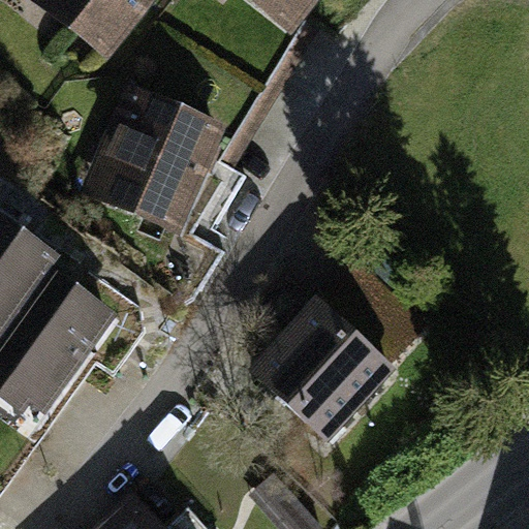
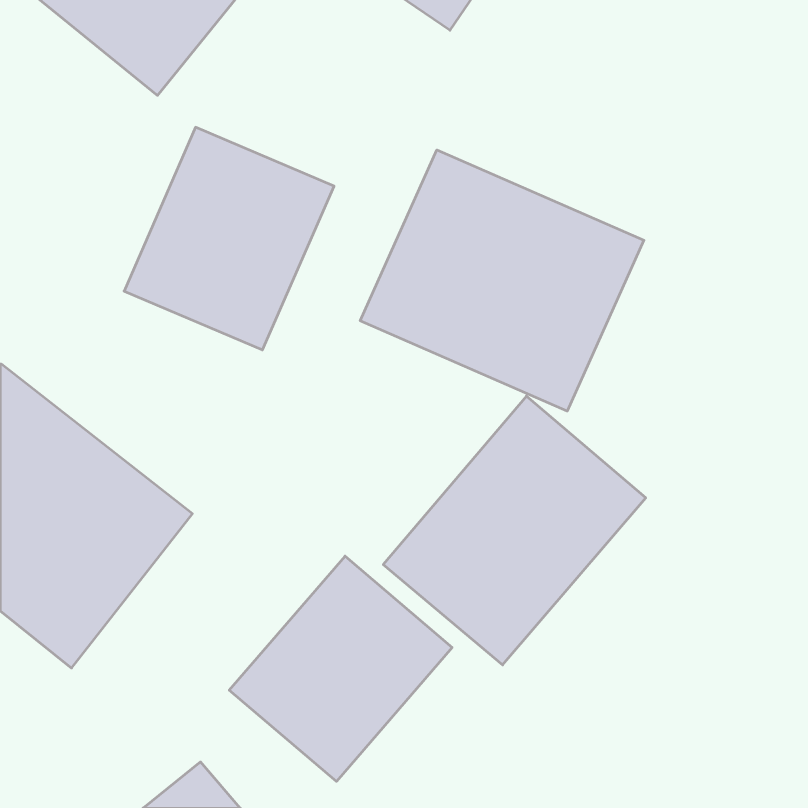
building: none -> [360,150,644,411]
building: none -> [229,556,452,781]

